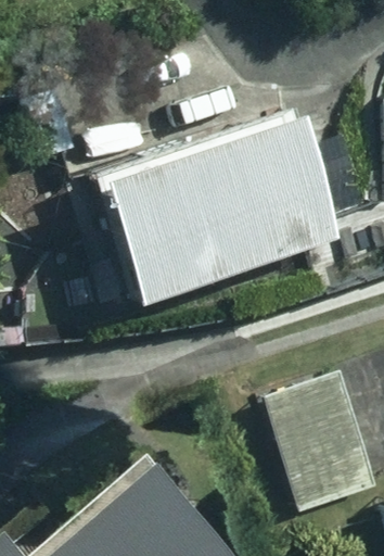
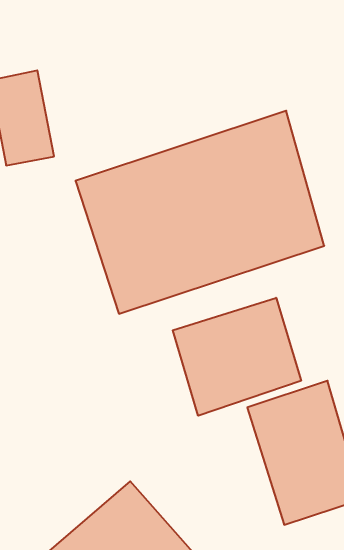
building: none -> [173,298,301,416]

